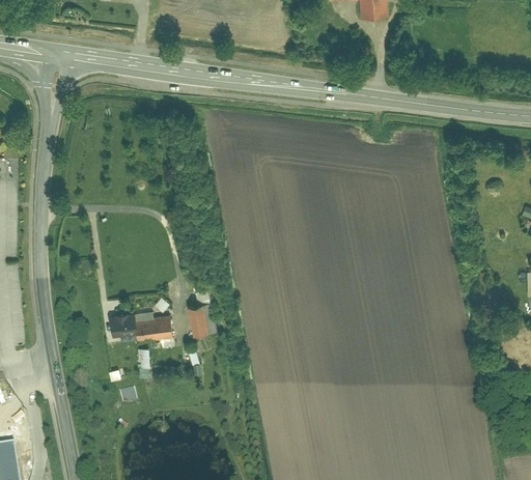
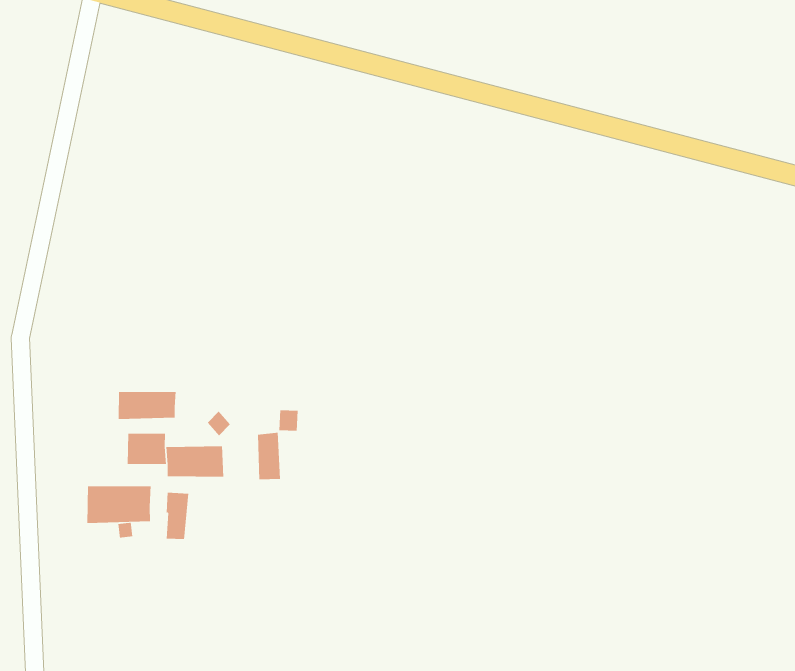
building: none -> [118,391,176,420]
building: none -> [87,486,151,524]

